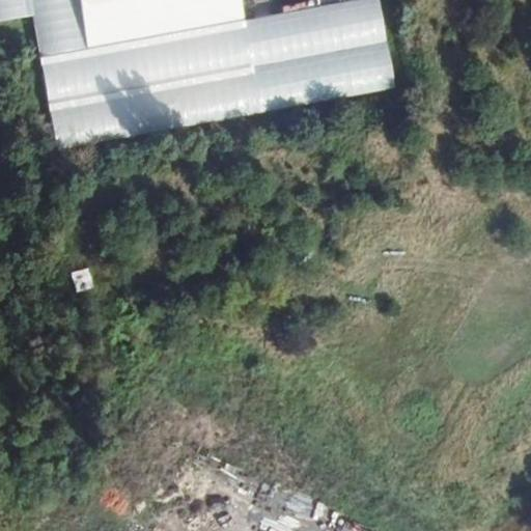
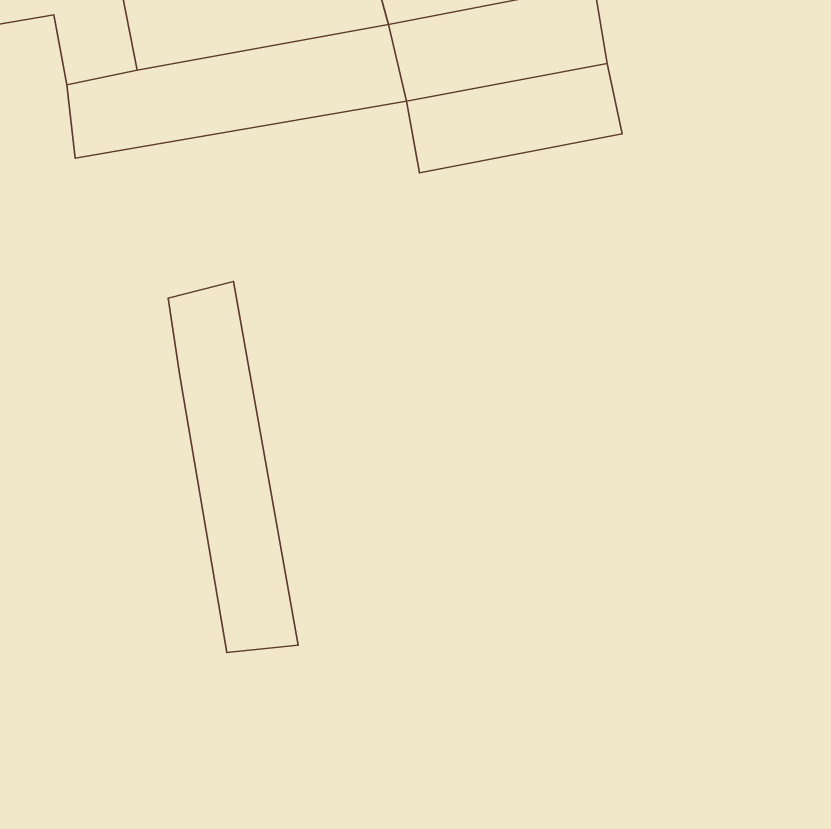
building: [48,64,267,147] -> none
building: none -> [168,282,298,653]

